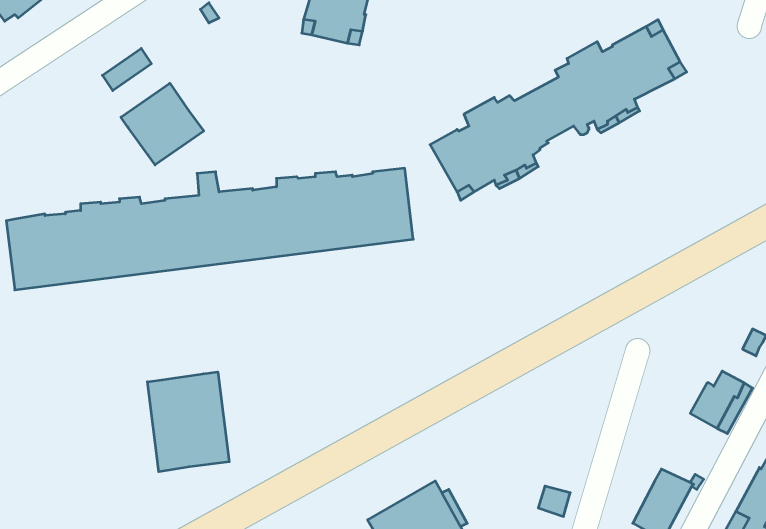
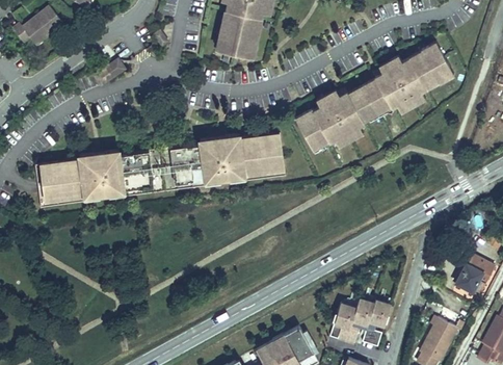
building: [121,83,204,165] -> none
building: [147,372,229,472] -> none
building: none -> [329,298,391,344]

